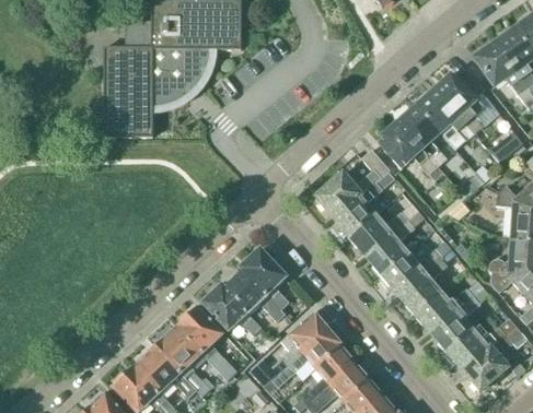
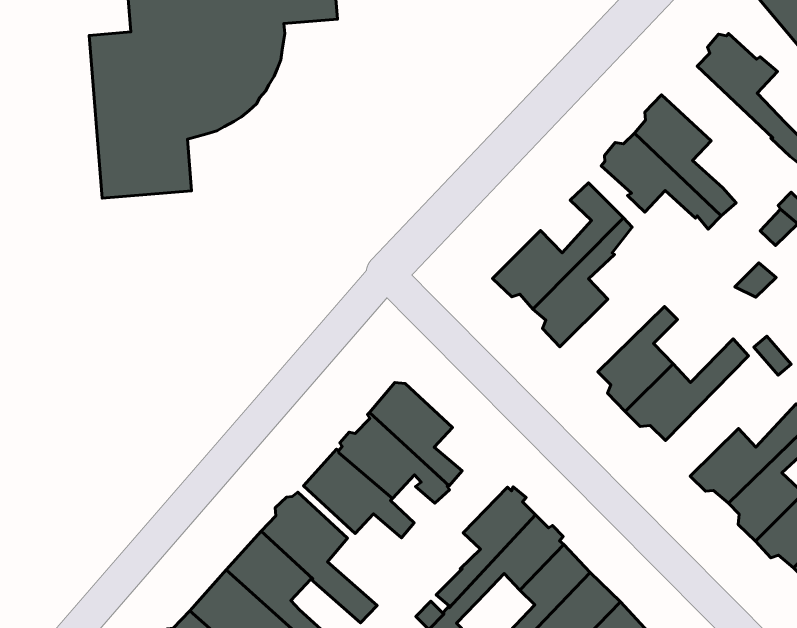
building: [415,90,474,140] -> none
building: [348,202,417,252] -> none
building: [402,250,456,314] -> none

